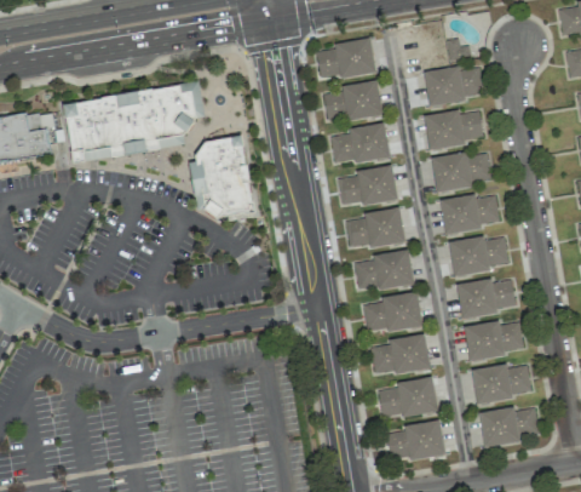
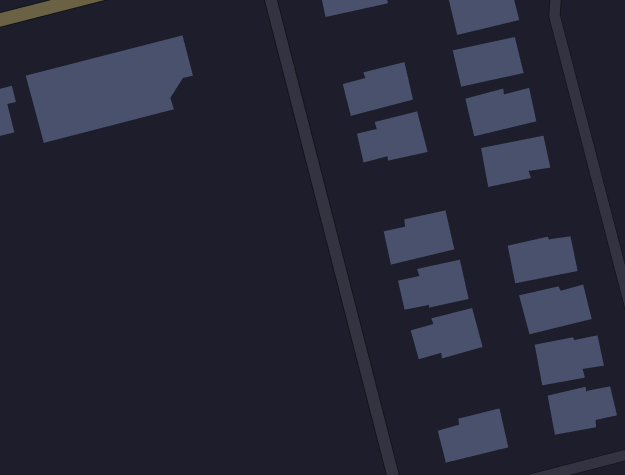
building: [322,82,381,121] -> none
building: [191,141,255,222] -> none
building: [345,207,403,248] -> none
building: [448,236,508,275] -> none
building: [376,376,437,418] -> none

